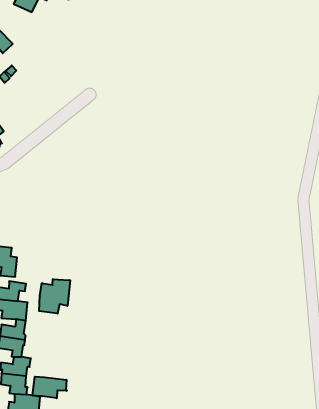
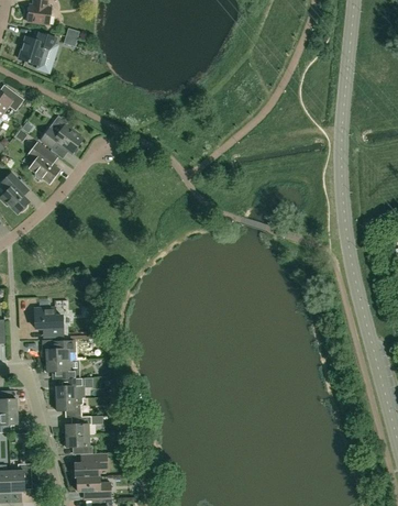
building: none -> [41,125,82,153]
building: none -> [29,143,59,183]
building: [39,279,70,314] -> none
building: [33,377,67,398] -> none

